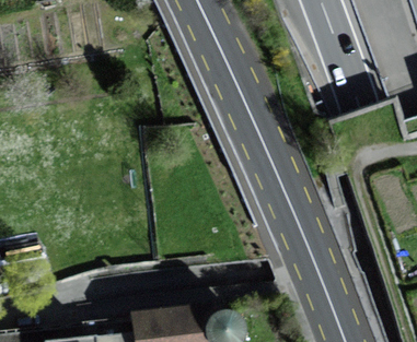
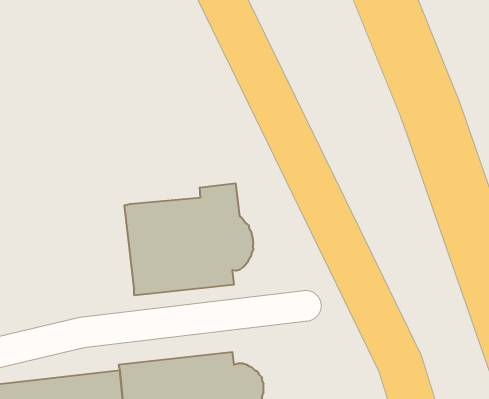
building: none -> [124,183,253,295]

